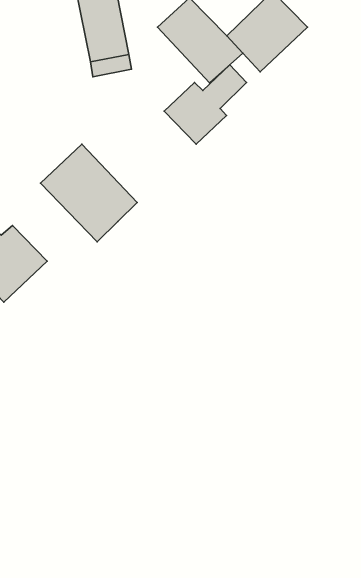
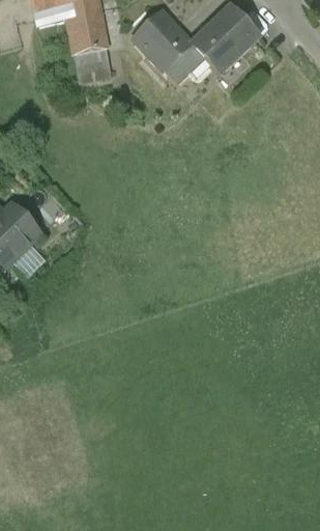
building: [164,65,246,144] -> none
building: [41,144,137,242] -> none

